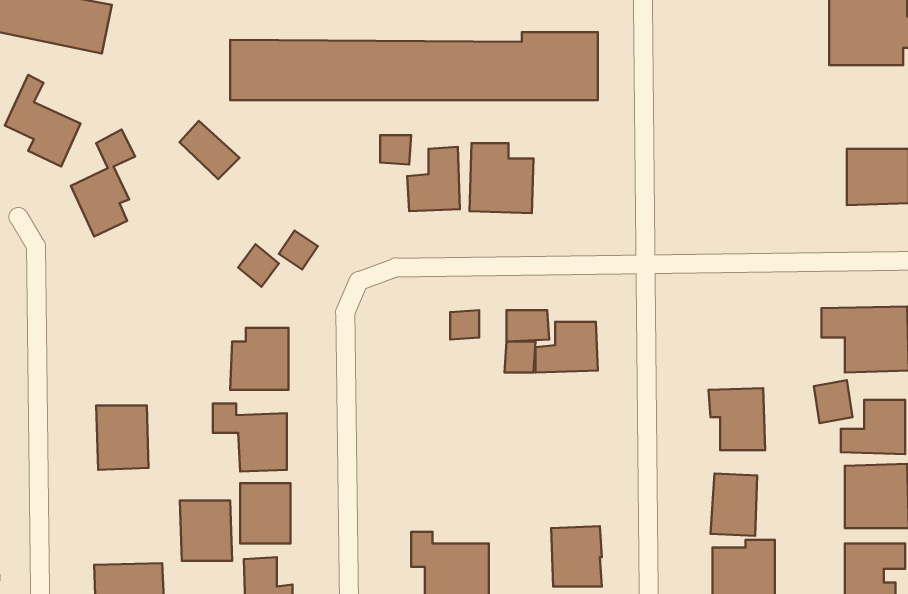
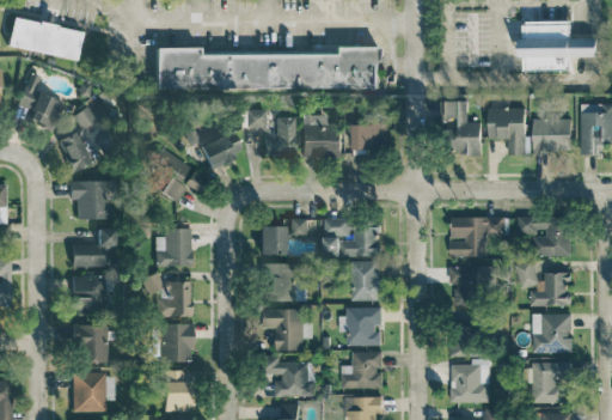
building: none -> [447,101,482,154]
building: [179,121,240,179] -> [152,147,189,183]
building: none -> [489,106,526,154]
building: none -> [351,123,387,148]
building: none -> [200,132,243,169]
building: none -> [69,181,110,220]
building: none -> [449,217,504,256]
building: none -> [258,226,284,255]
building: none -> [71,229,114,268]
building: none -> [351,260,379,300]
building: none -> [261,263,307,302]
building: none -> [338,306,381,345]
building: none -> [259,308,311,349]
building: [180,500,232,561] -> [74,325,106,363]

